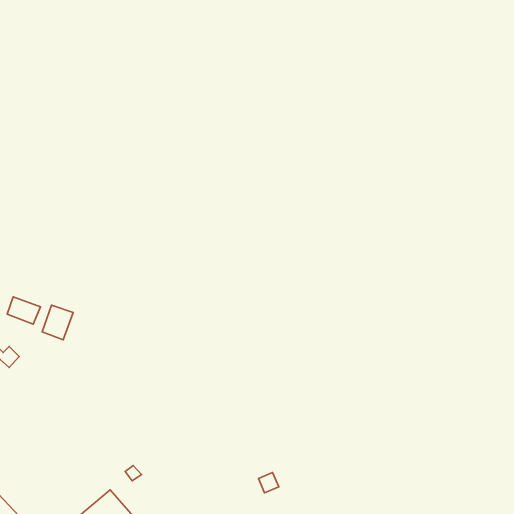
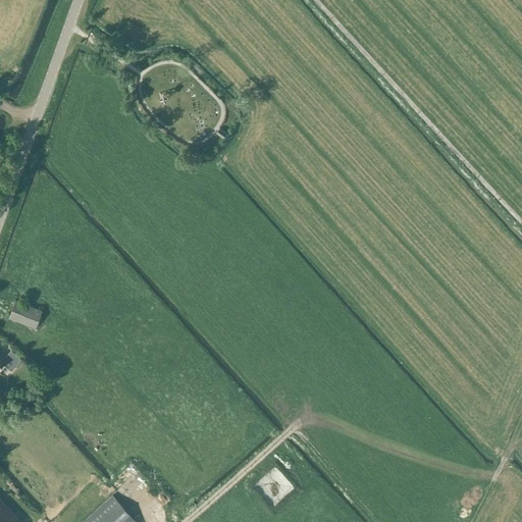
building: [42,305,73,340] -> none

